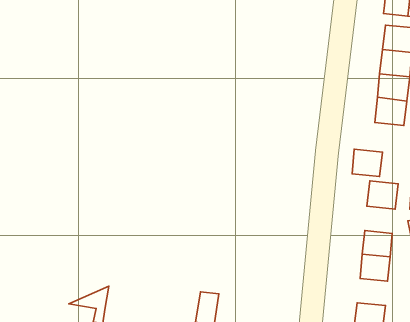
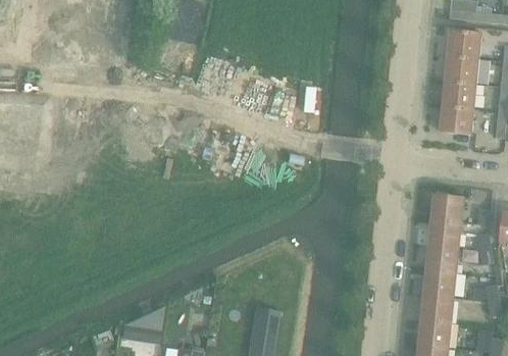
building: [352,149,382,177] -> [429,219,461,248]
building: none -> [421,295,453,323]

